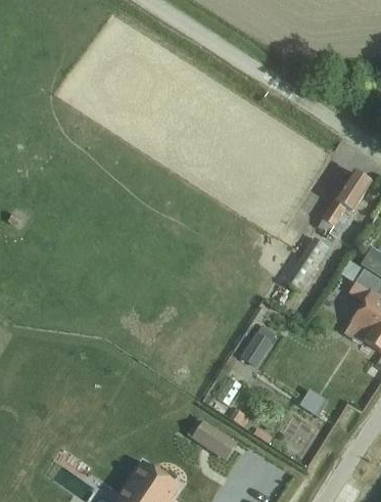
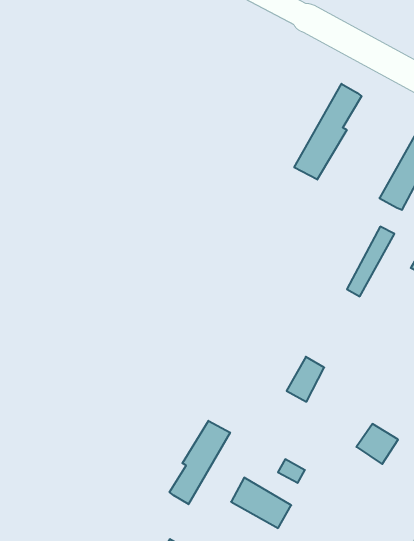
building: none -> [294,84,362,180]
building: none -> [170,421,230,504]

